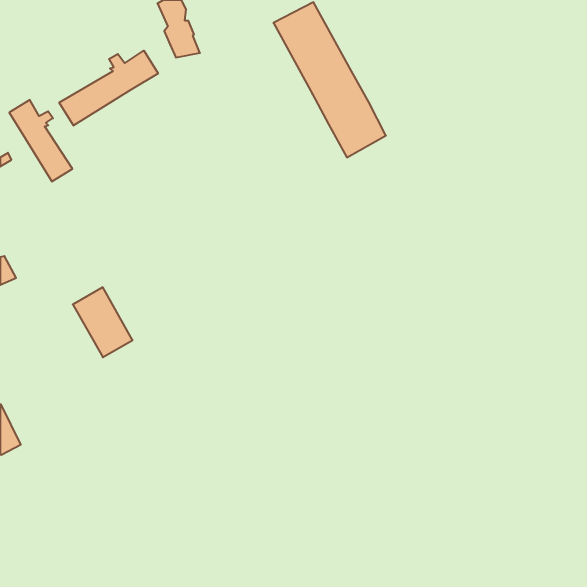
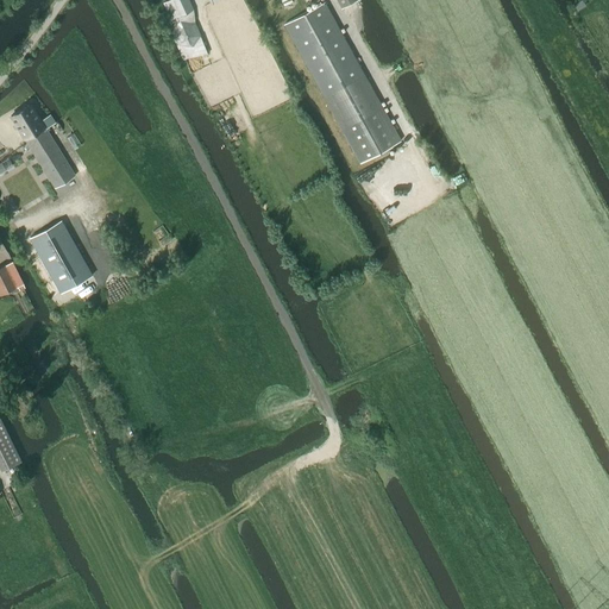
building: [59,51,158,126] -> none
building: [73,287,133,357] -> [30,220,92,293]

